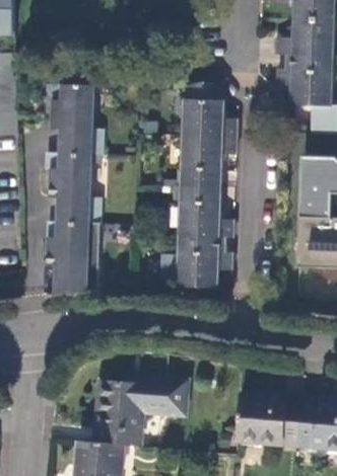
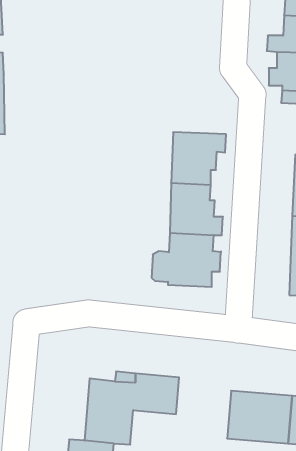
building: [44,85,102,295] -> none
building: [182,87,234,137] -> none

